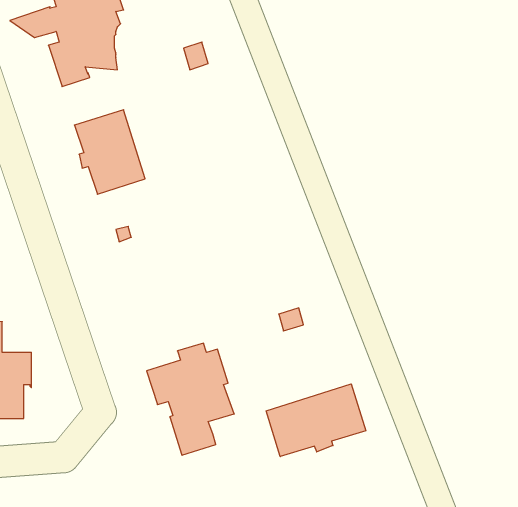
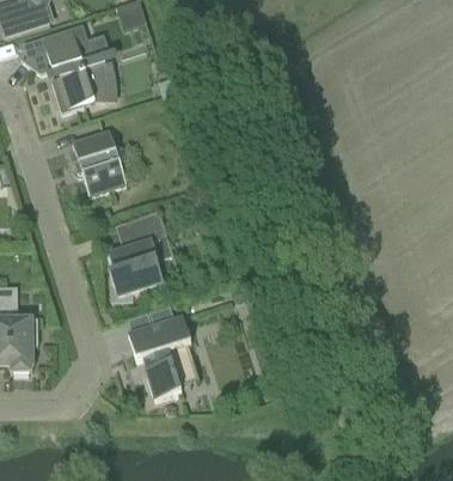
building: none -> [108,211,172,300]
building: [266,384,366,457] -> none

